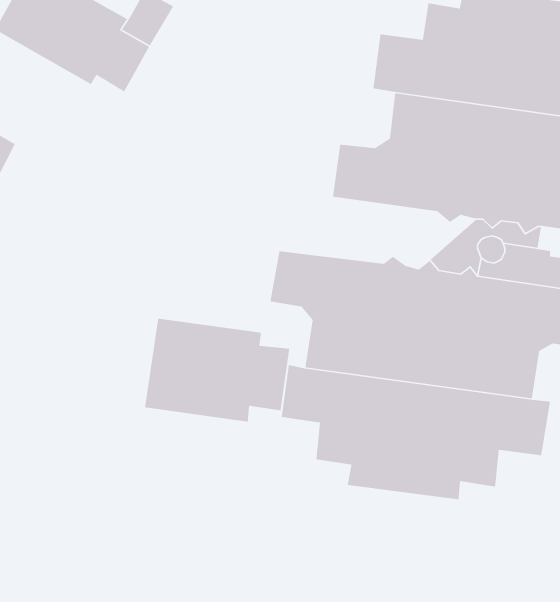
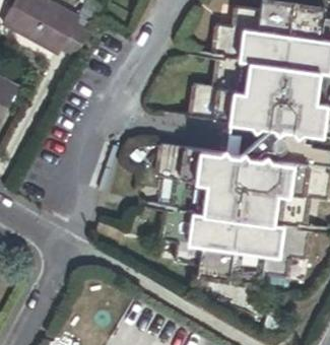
building: [144,318,290,422] -> none

